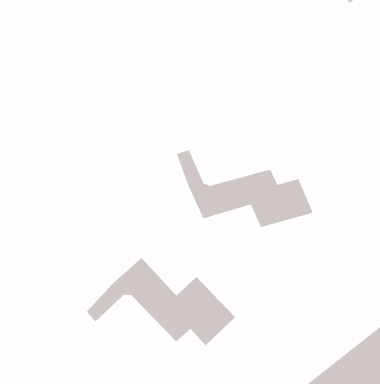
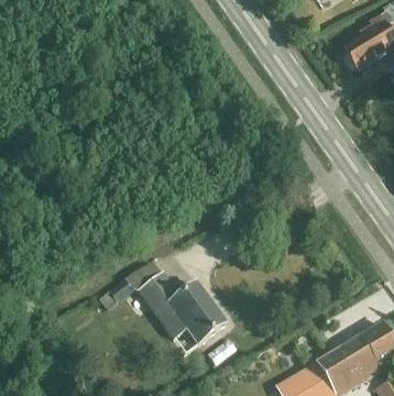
building: [176,149,313,228] -> none

